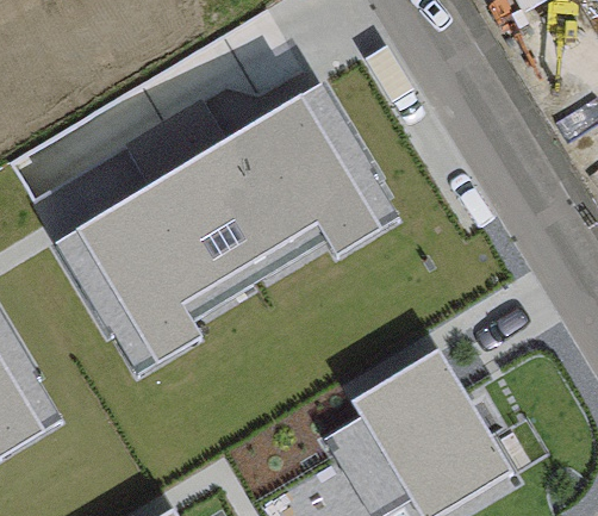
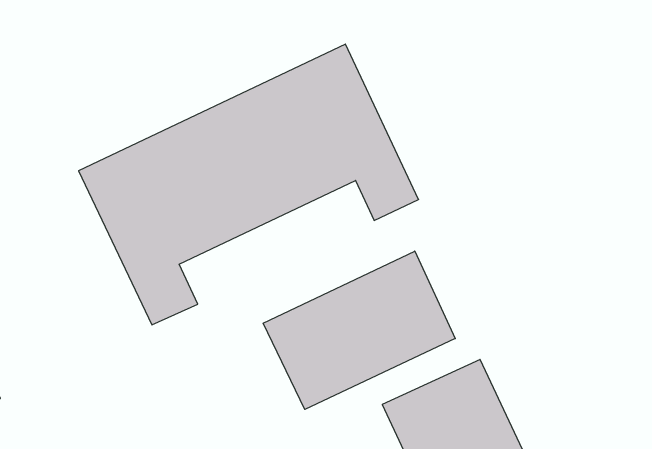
building: none -> [263,251,455,409]

